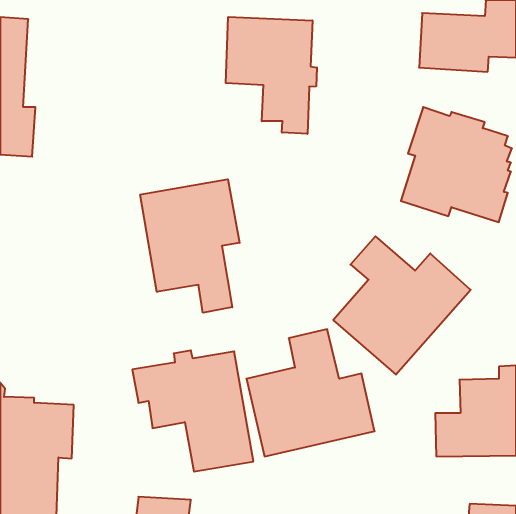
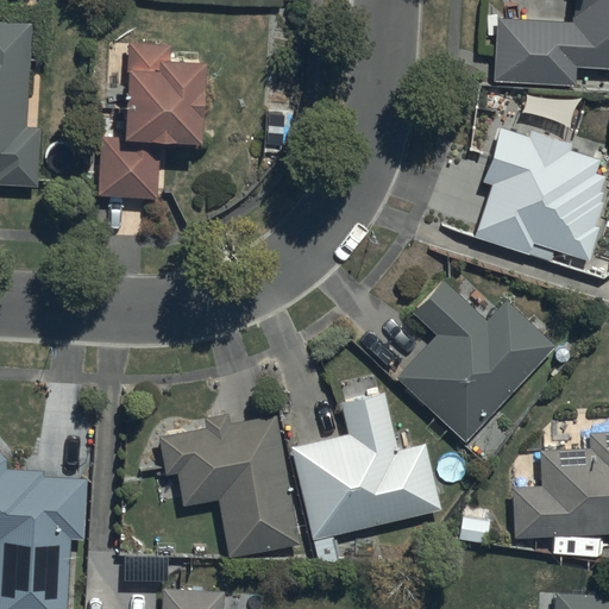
building: [226,17,317,134] -> none
building: none -> [98,46,203,200]
building: [140,179,240,313] -> none

